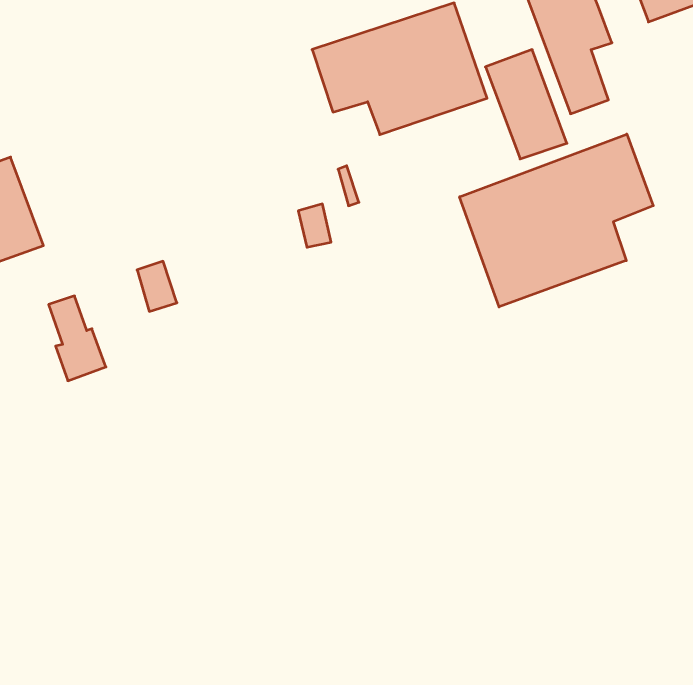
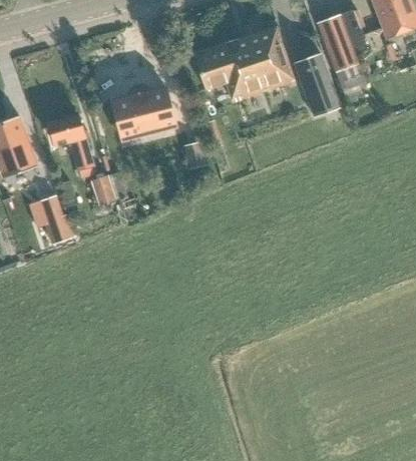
building: none -> [112,85,177,129]
building: [460,134,653,307] -> none
building: none -> [47,114,89,160]

